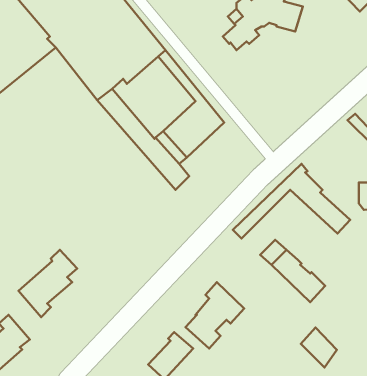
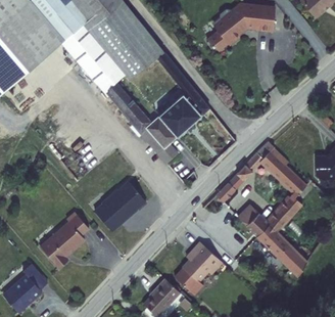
building: none -> [93,183,144,232]
building: none -> [267,195,302,232]
building: [301,328,337,367] -> [277,242,306,275]

